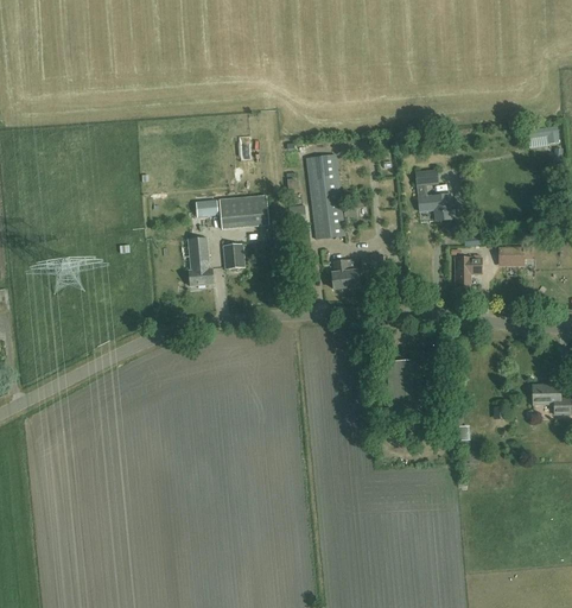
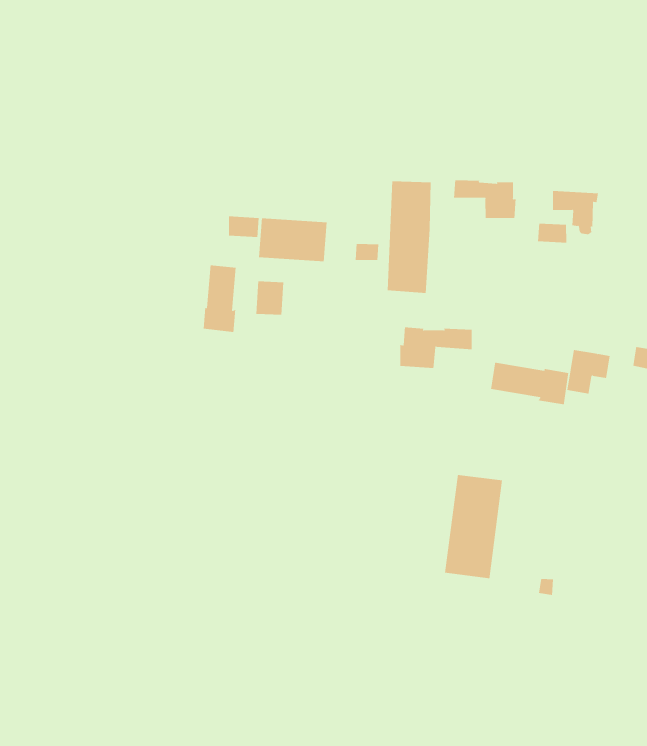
building: none -> [454,180,516,219]
building: [418,192,451,223] -> [552,190,599,235]
building: none -> [491,362,569,405]

